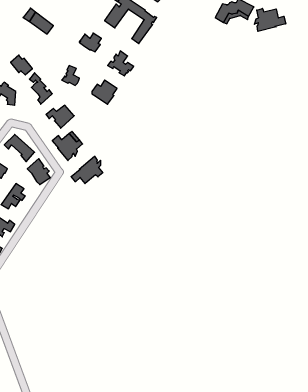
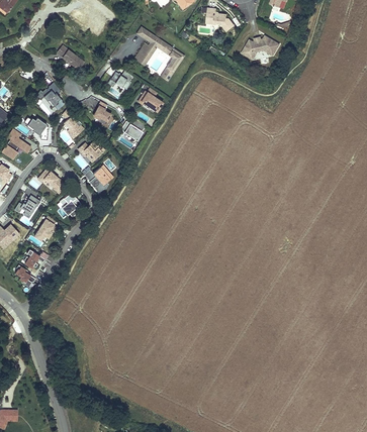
building: [254,8,286,31] -> none
building: [71,156,103,184] -> none

